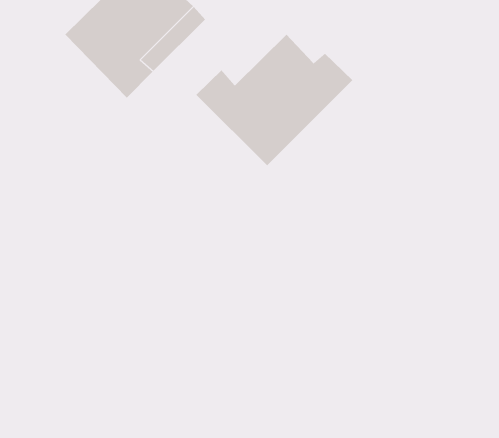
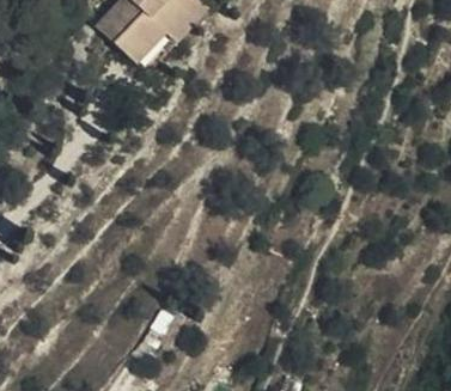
building: [196,34,353,166] -> none

